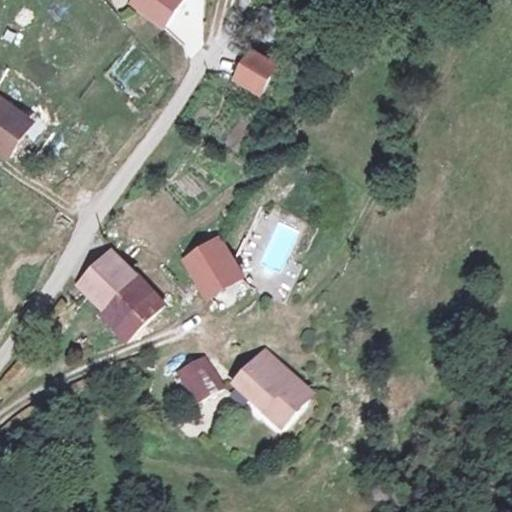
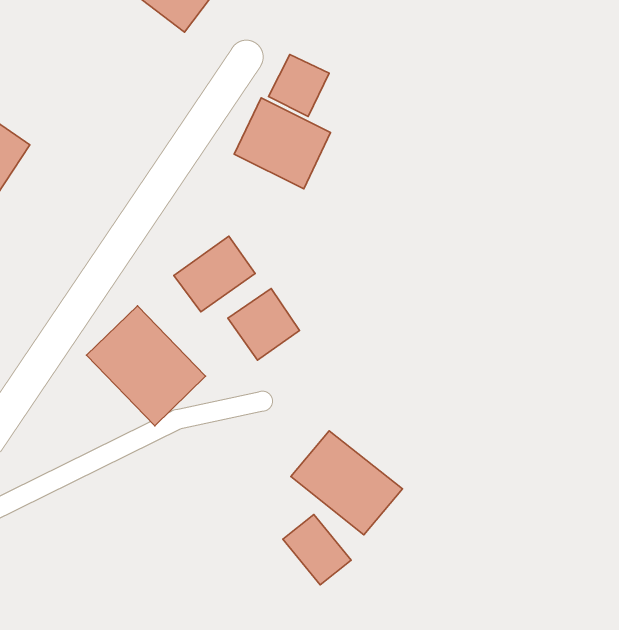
building: none -> [234,98,331,189]
building: none -> [174,236,255,312]
building: [175,352,230,409] -> [283,514,351,585]

